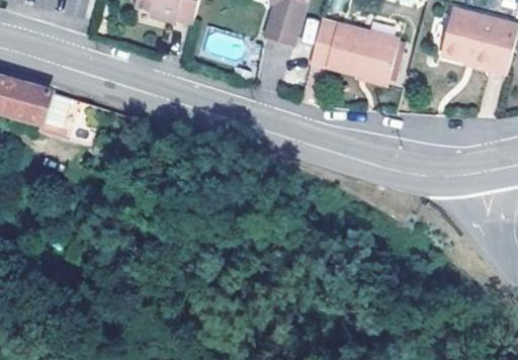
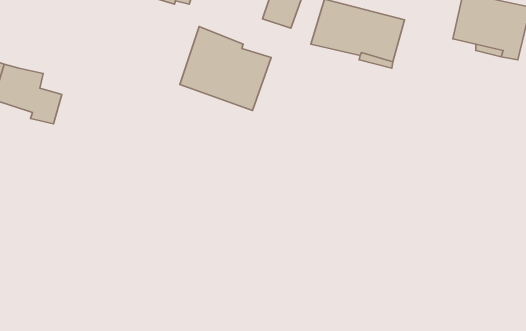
building: none -> [180,27,271,111]

